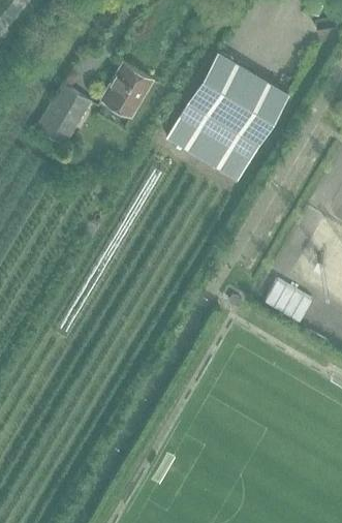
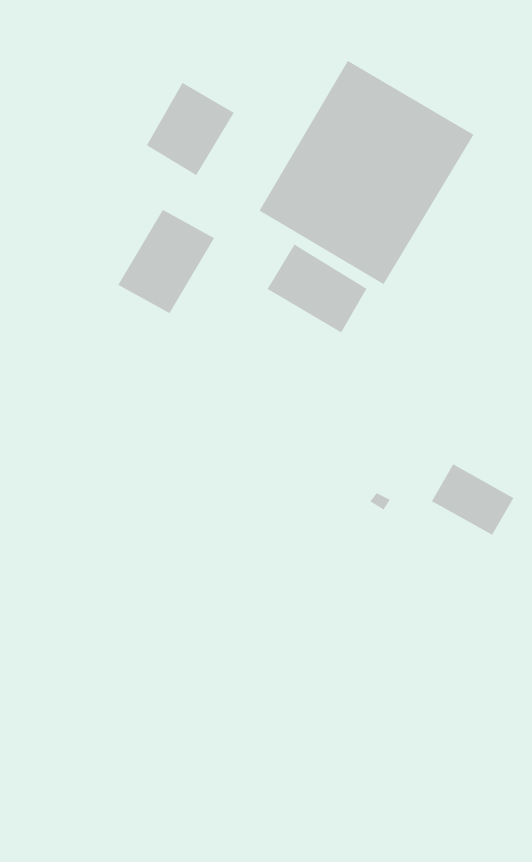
building: [36,86,92,146] -> [117,209,215,314]
building: none -> [266,244,368,333]

